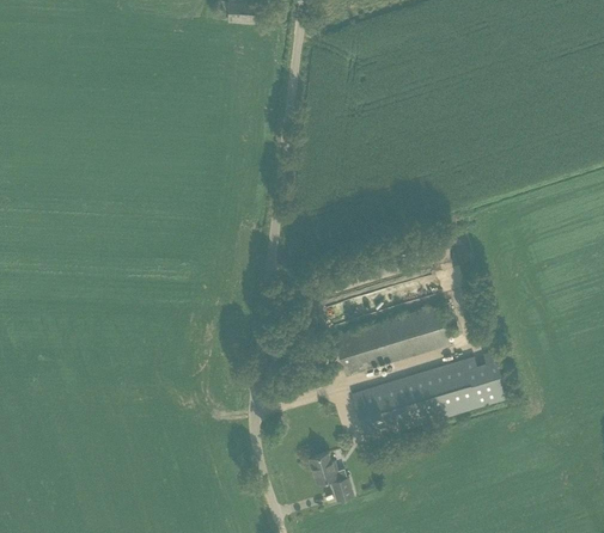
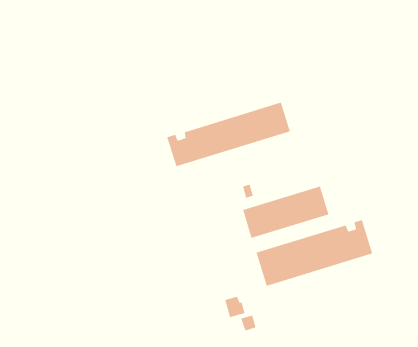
building: none -> [166,101,291,167]

